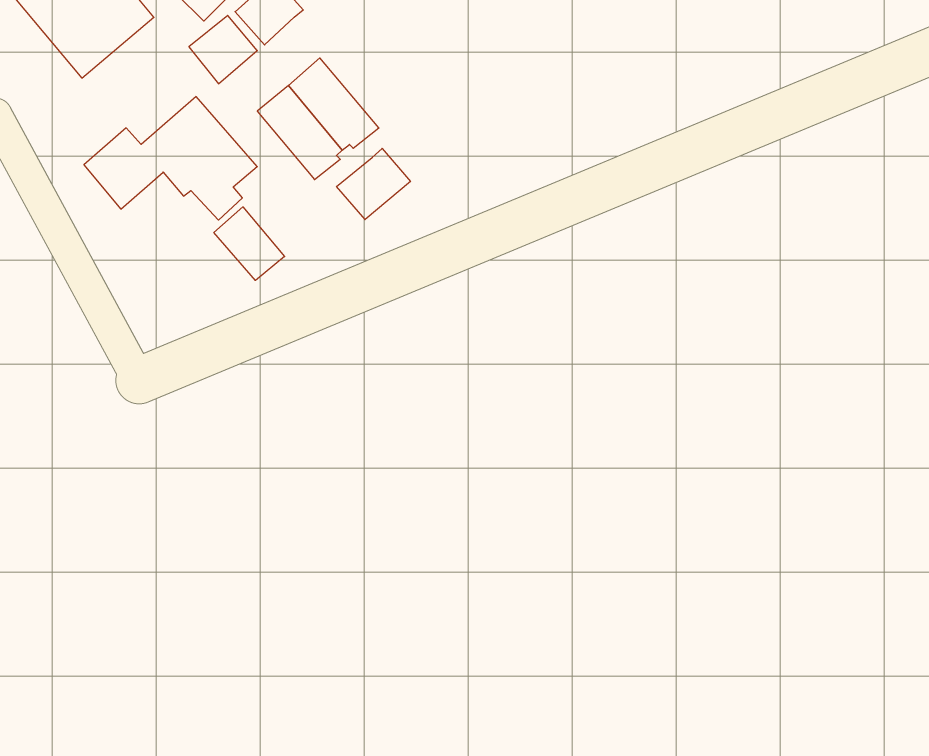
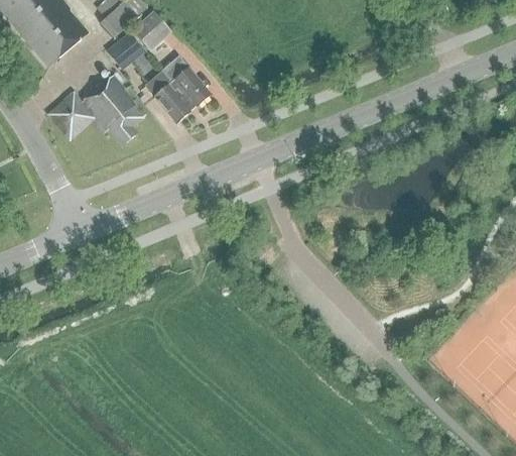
building: [337,148,410,220] -> none
building: [214,207,285,280] -> none

